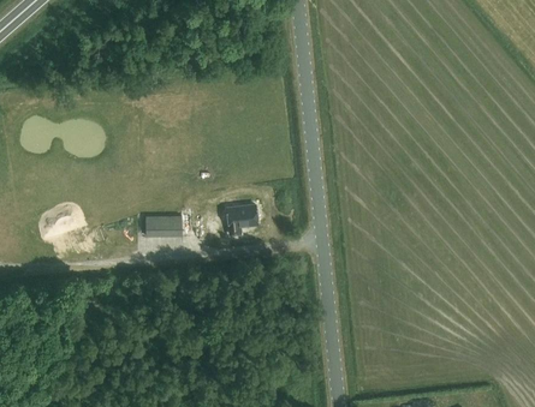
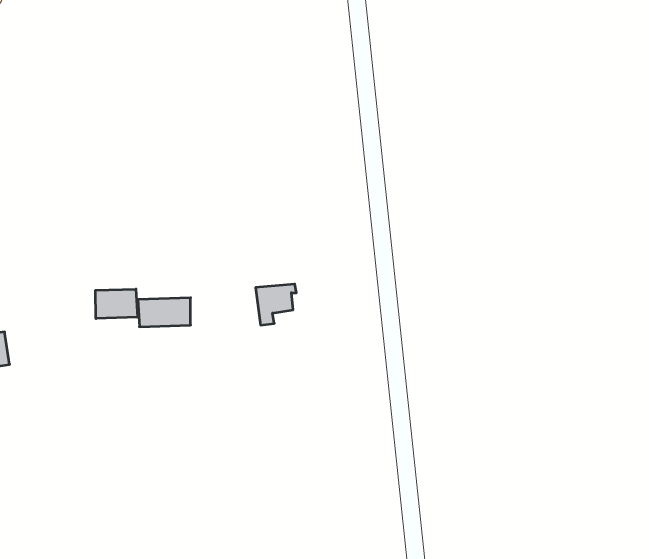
building: none -> [96,289,138,319]

